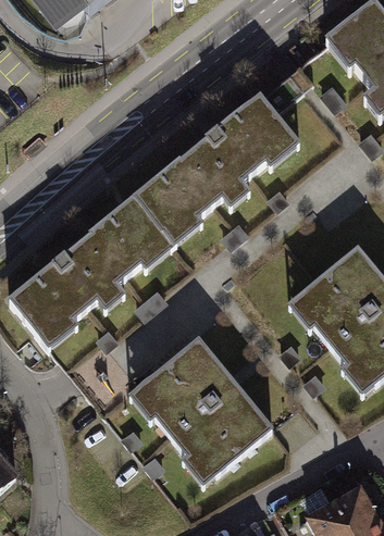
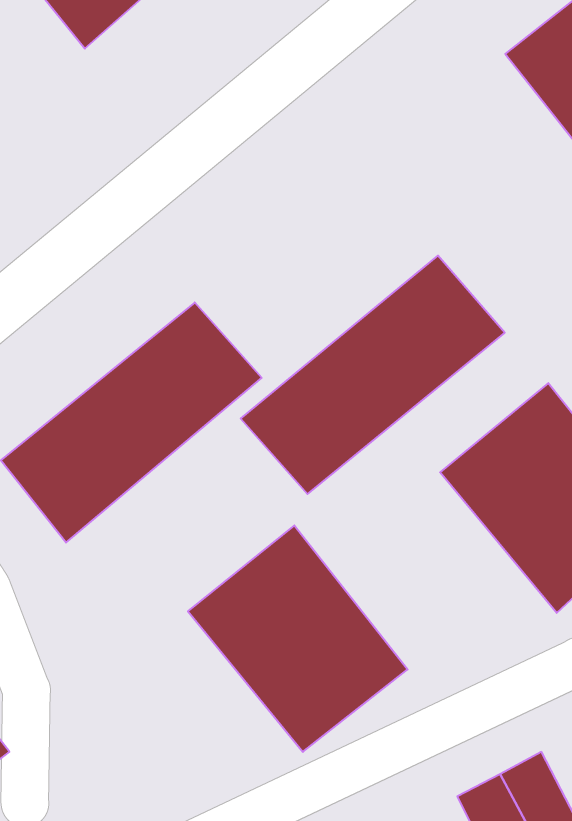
building: [135,92,302,244] -> [241,256,505,494]

